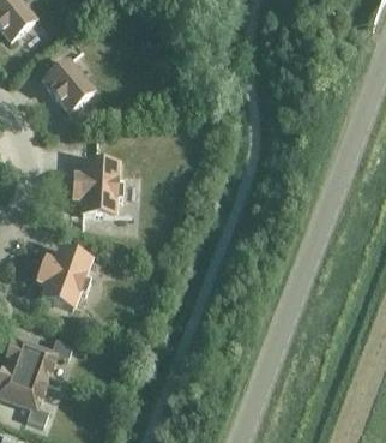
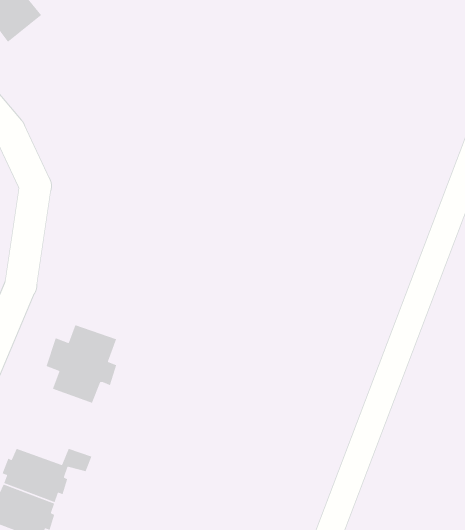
building: [43,59,92,110] -> none
building: [72,161,122,214] -> none

